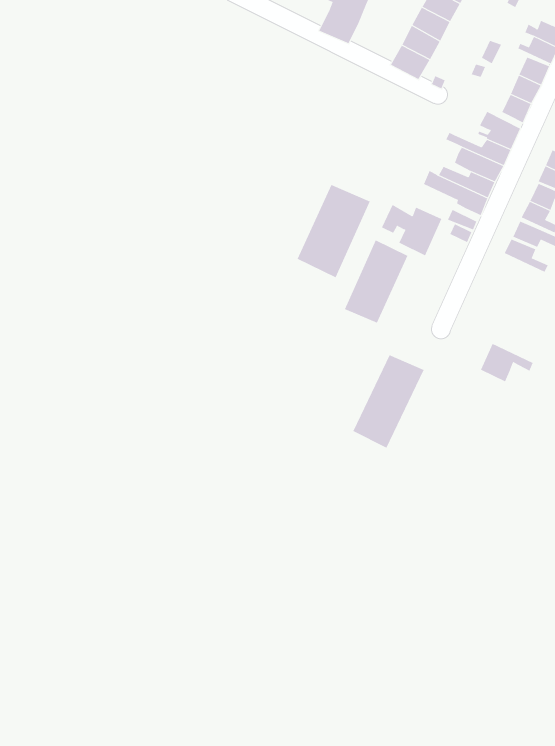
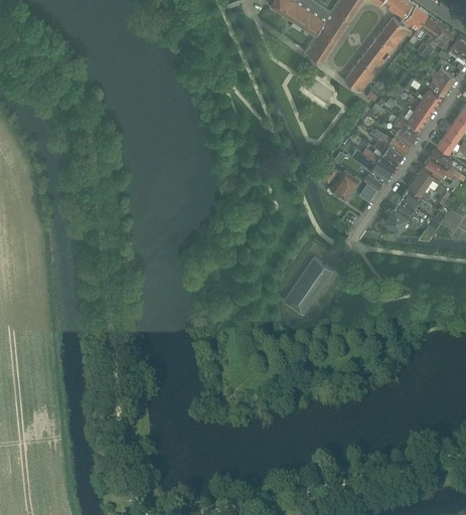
building: [297,184,371,278] -> none
building: [344,239,408,324] -> none
building: [480,343,533,382] -> [384,207,418,232]

